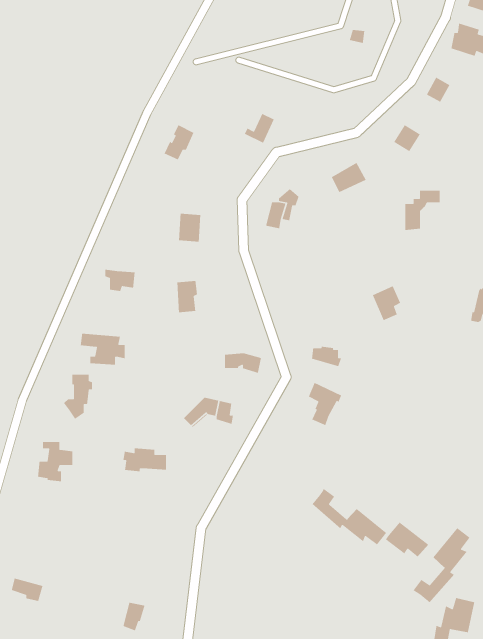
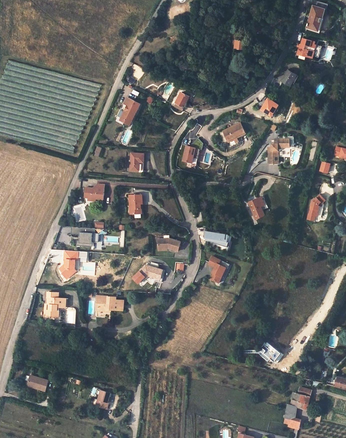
building: [312,488,387,546] -> none
building: [413,527,471,603] -> none

